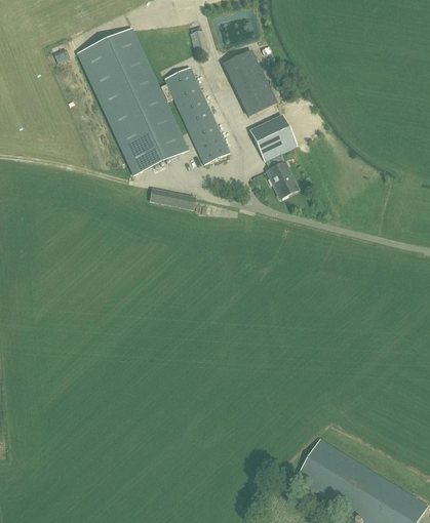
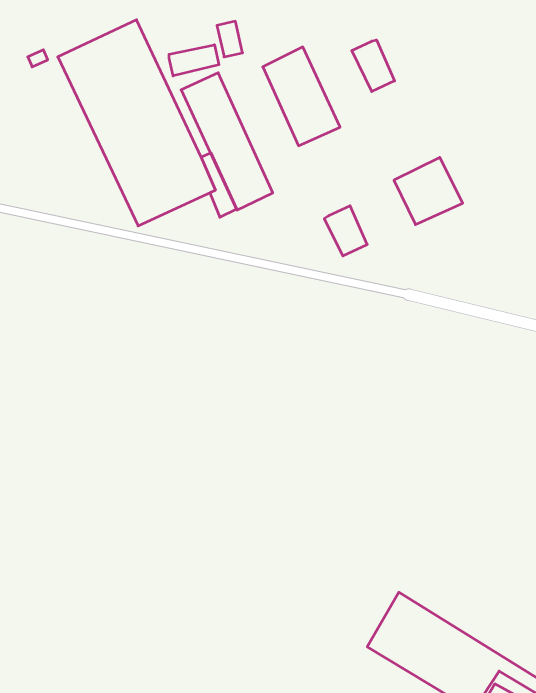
building: none -> [352,40,395,92]
building: none -> [169,45,219,76]
building: [248,113,298,161] -> [394,157,463,225]

